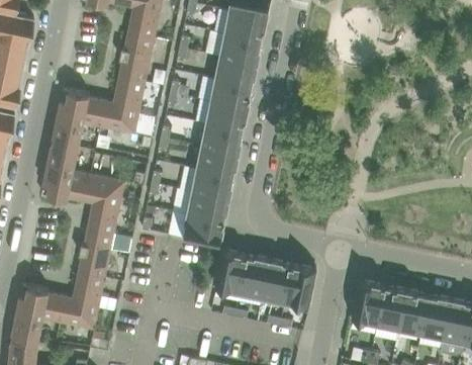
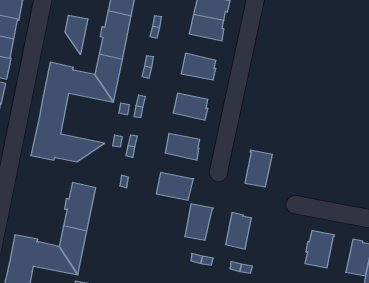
building: none -> [65,15,88,54]
building: [216,56,258,86] -> none
building: [207,101,248,130] -> none
building: [197,146,239,176] -> none
building: [88,180,124,231] -> none
building: [188,191,229,220] -> none
building: [239,256,269,295] -> none
building: [284,263,315,304] -> [245,150,273,187]
building: [377,286,406,327] -> none

